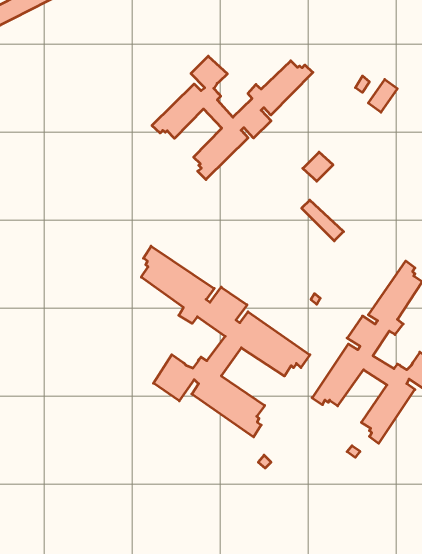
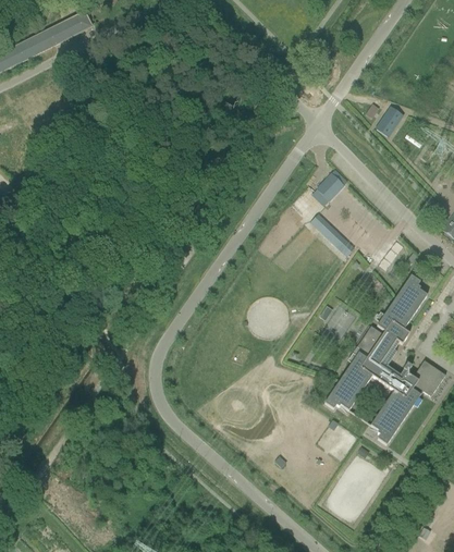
building: [152,56,313,180] -> none
building: [141,246,310,437] -> none

